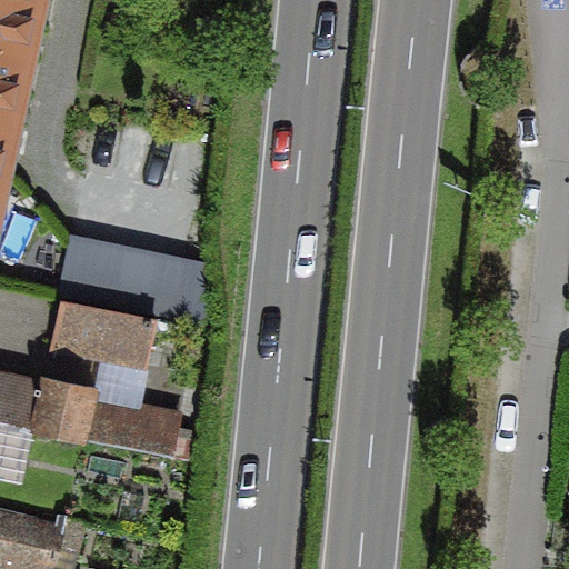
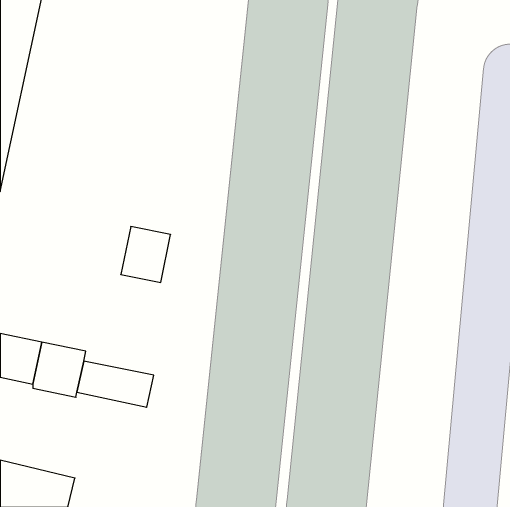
building: [62,238,146,306] -> none
building: [58,300,156,361] -> none

